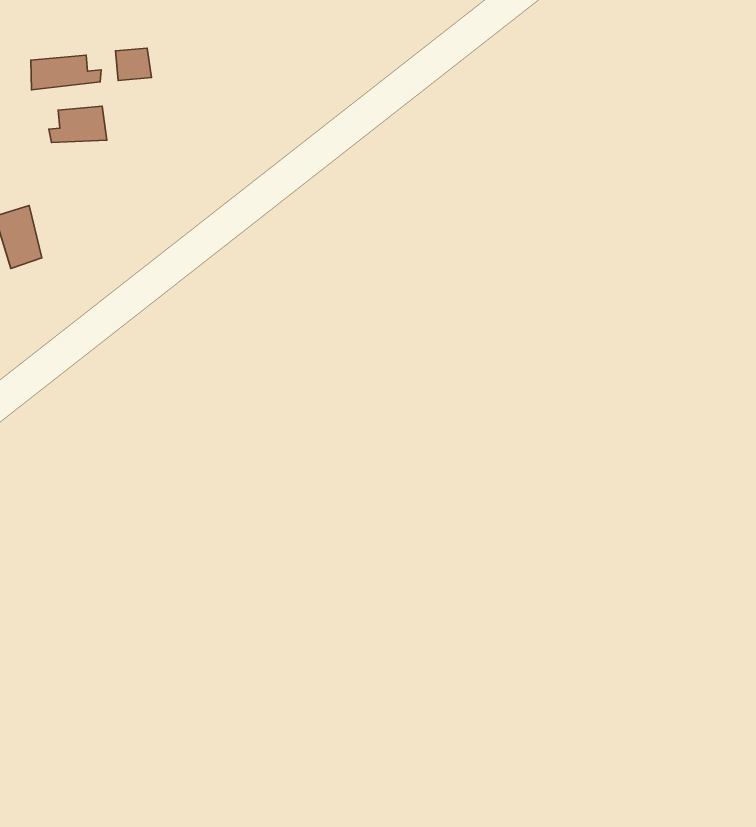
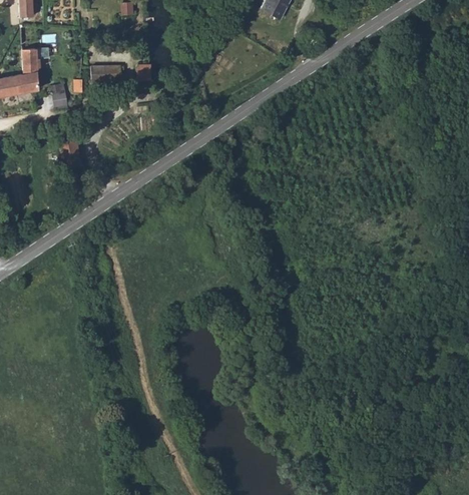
building: [49,106,107,143] -> none

